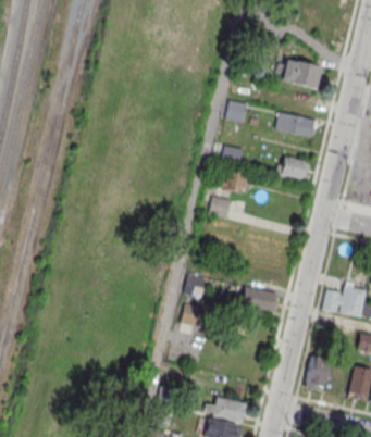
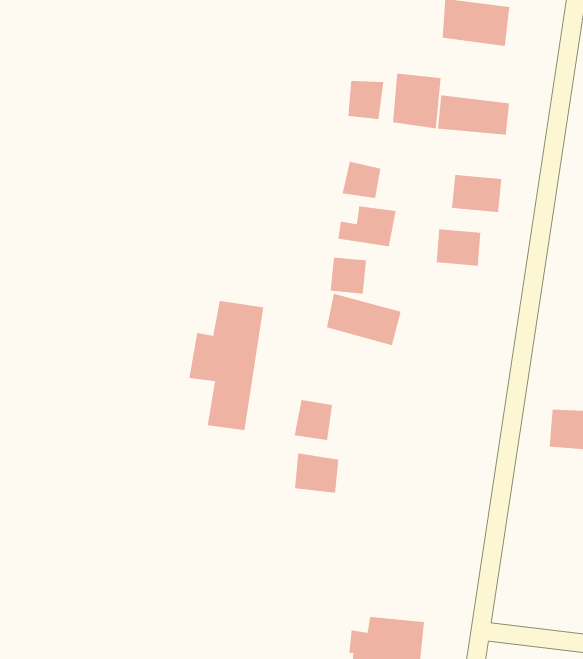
building: none -> [392,73,441,129]
building: none -> [436,228,481,266]
building: none -> [189,300,264,431]
building: [238,284,281,315] -> [326,293,402,346]
building: [305,357,331,392] -> none

